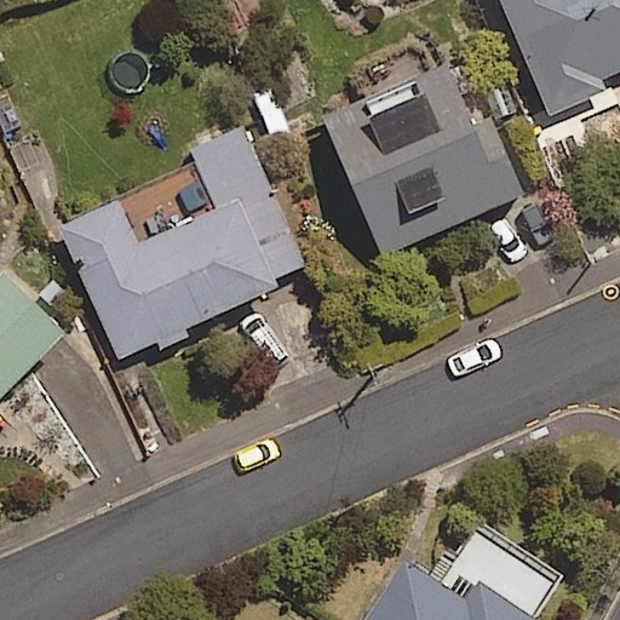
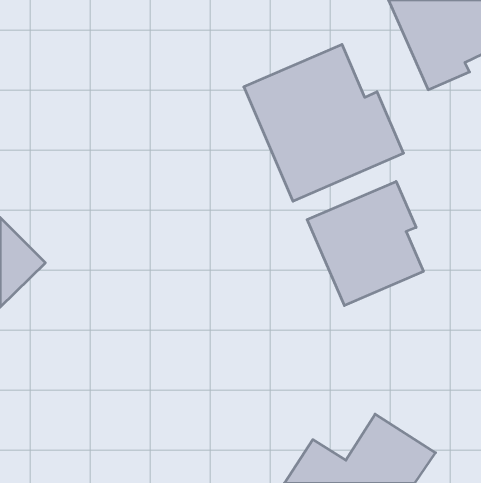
building: [61,128,306,357] -> none
building: none -> [307,181,423,306]

